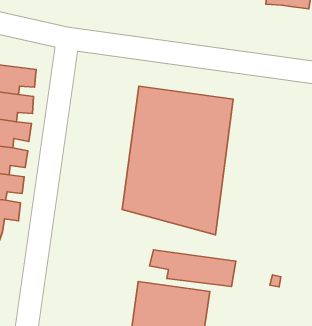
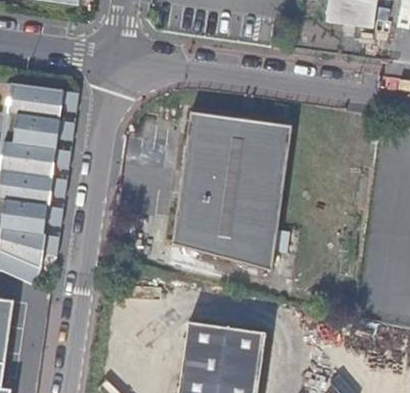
building: [150,250,236,286] -> none

